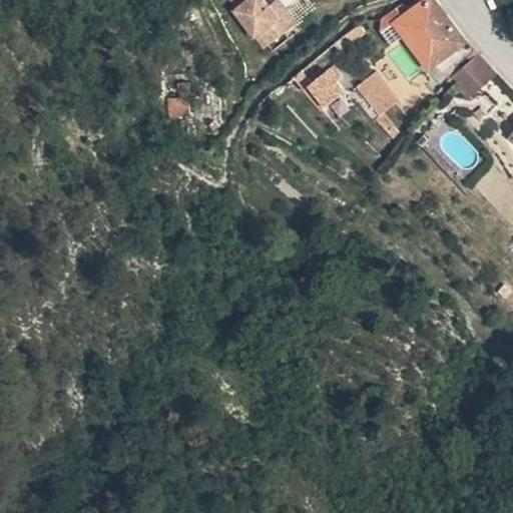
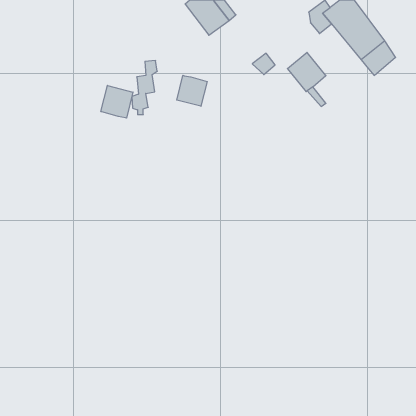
building: none -> [177,75,207,106]
building: none -> [101,85,133,118]

